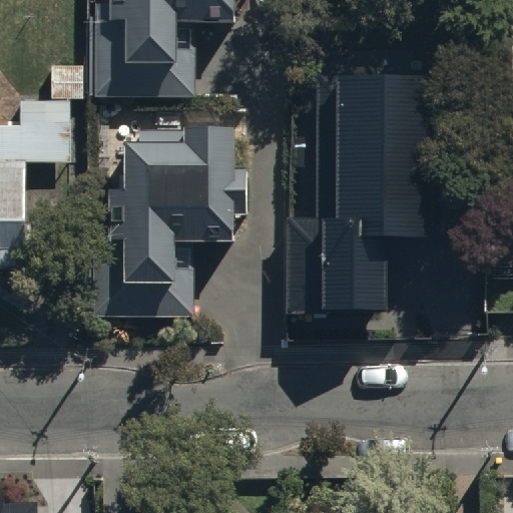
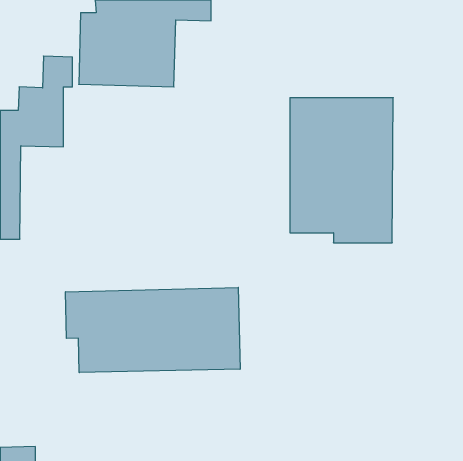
building: [107,121,244,279] -> none
building: none -> [66,287,240,373]

